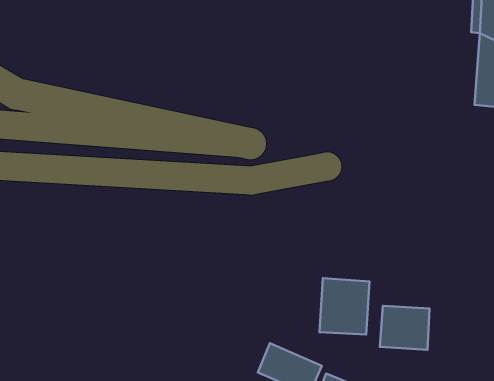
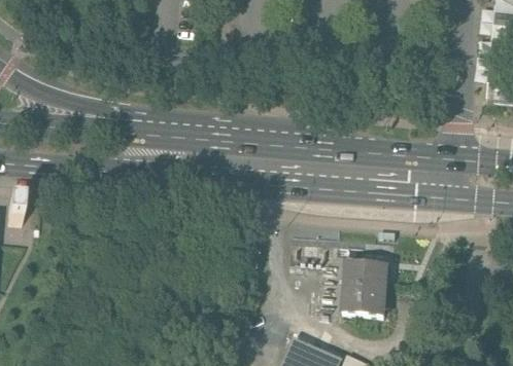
building: [380,306,430,350] -> none

